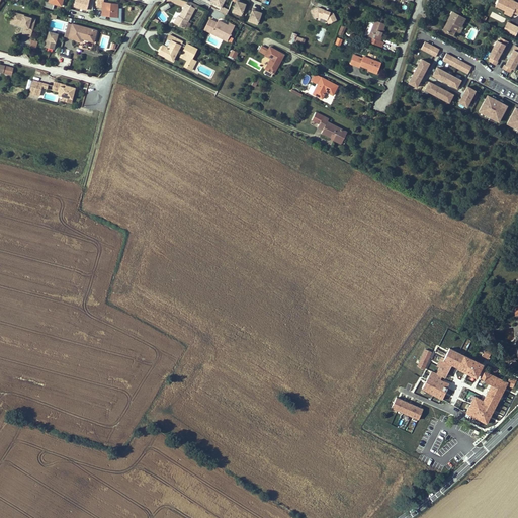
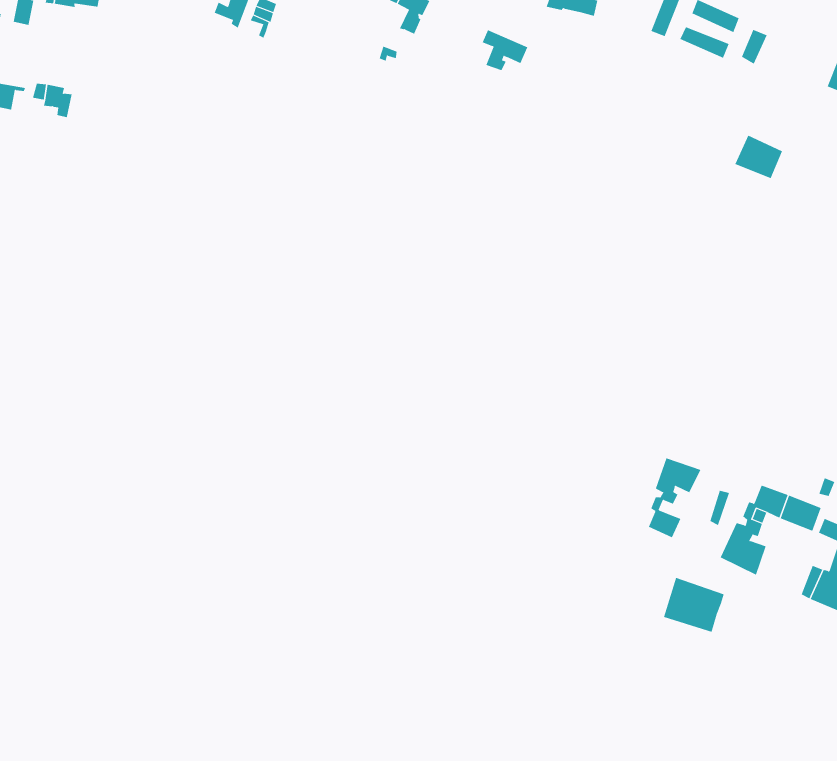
building: [479,95,507,121] -> [734,135,783,179]
building: [312,112,346,140] -> none
building: none -> [648,457,701,538]

